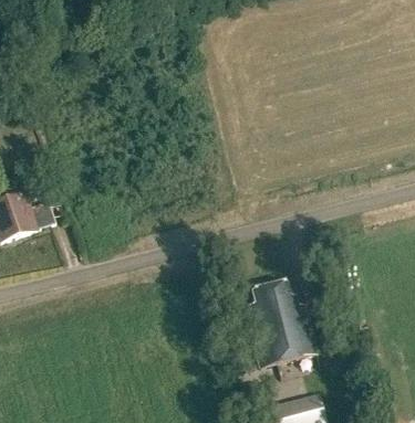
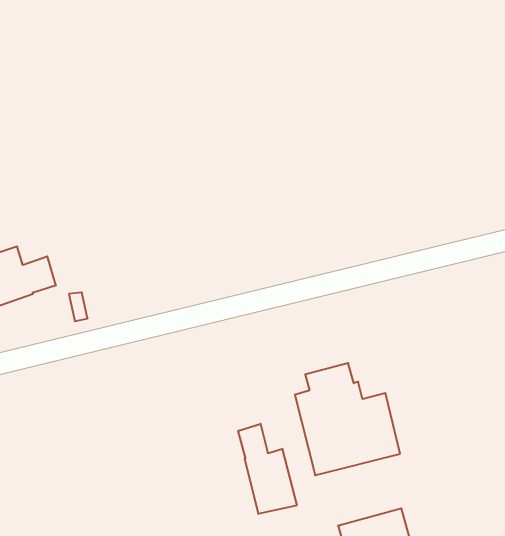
building: none -> [238,424,297,514]

